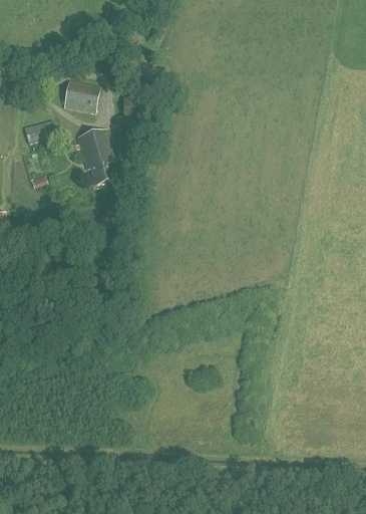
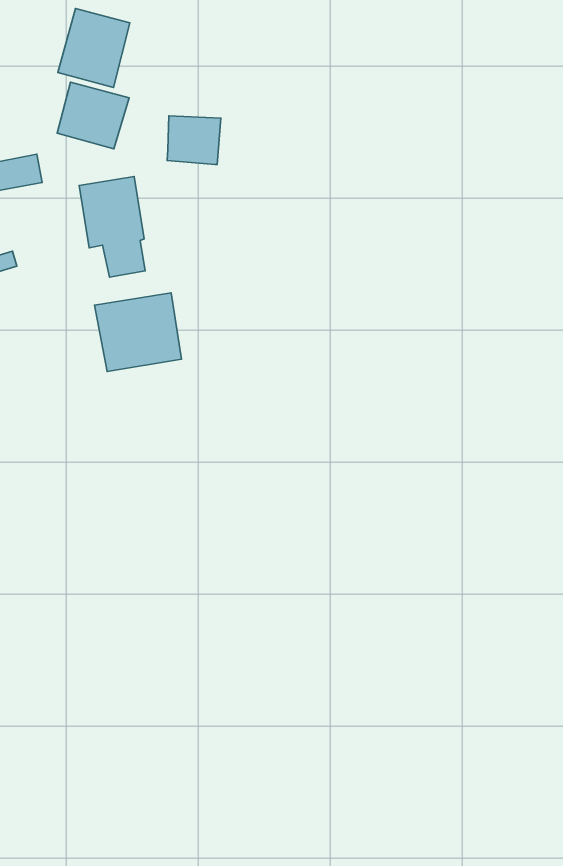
building: none -> [58,9,130,88]
building: none -> [95,293,181,372]

